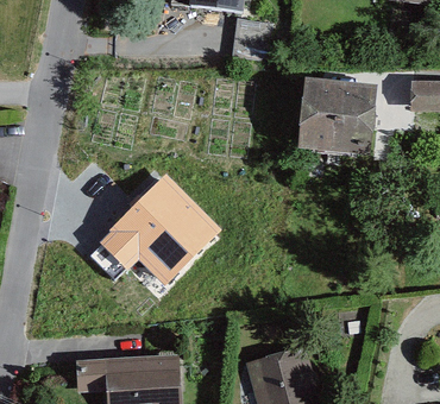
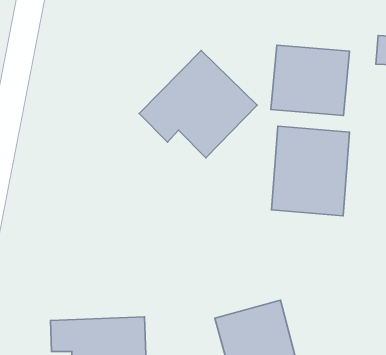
building: none -> [272,126,349,216]
building: [99,176,216,283] -> [139,50,257,158]

